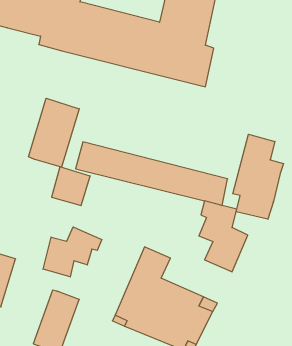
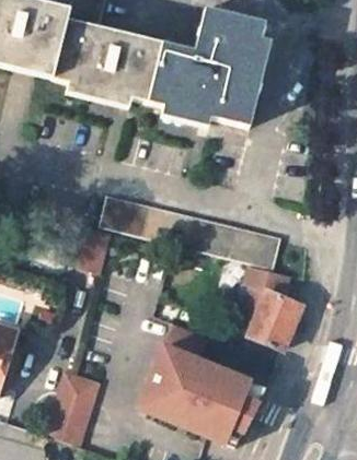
building: [29,98,79,167] -> none
building: [233,134,284,219] -> none
building: [43,227,102,277] -> none

